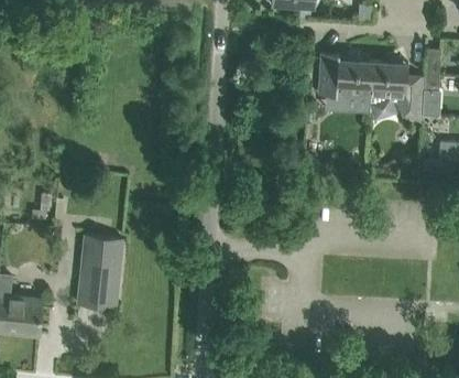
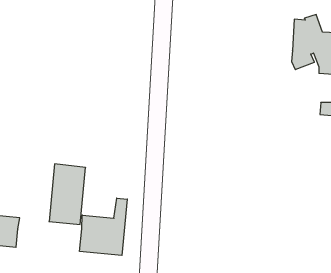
building: [319,53,373,98] -> none
building: none -> [80,198,127,255]

